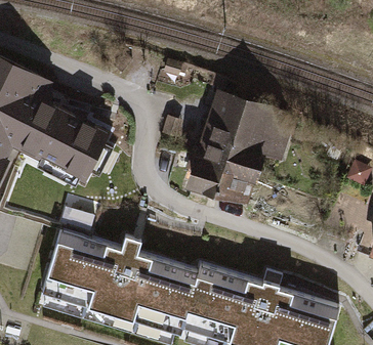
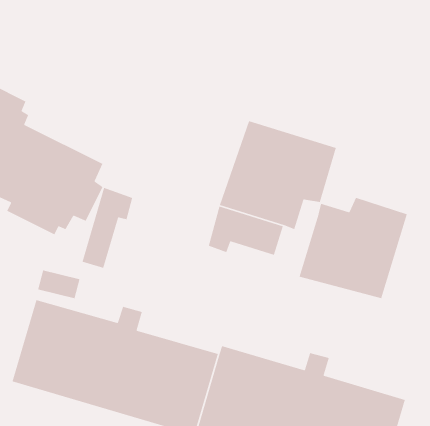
building: none -> [81,187,133,269]
building: none -> [299,197,408,299]

